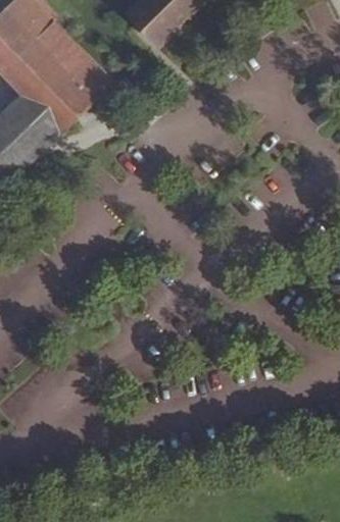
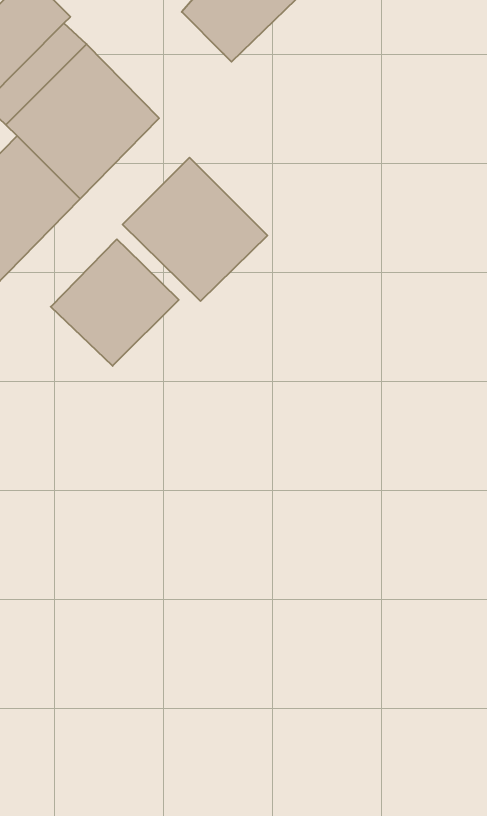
building: none -> [123,158,267,301]
building: none -> [51,239,179,366]

